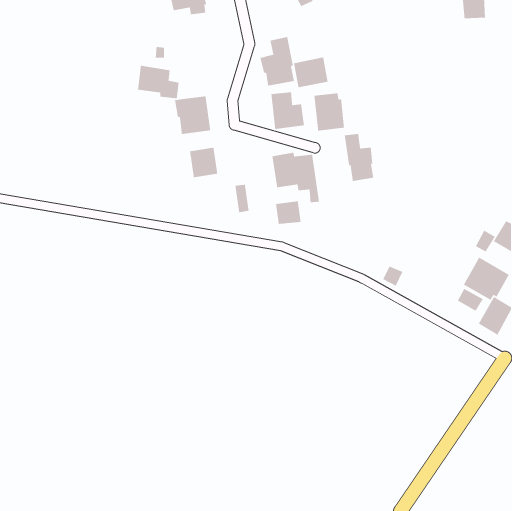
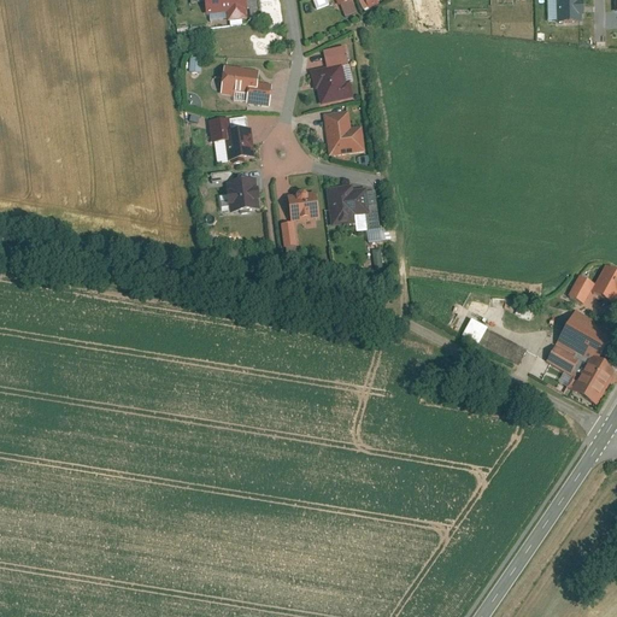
building: [293,57,329,88] -> none
building: [137,65,180,99] -> [221,63,271,104]
building: [314,92,345,132] -> none
building: [344,133,374,182] -> none
building: [275,200,301,226] -> [288,190,319,221]
building: none -> [480,329,527,365]

